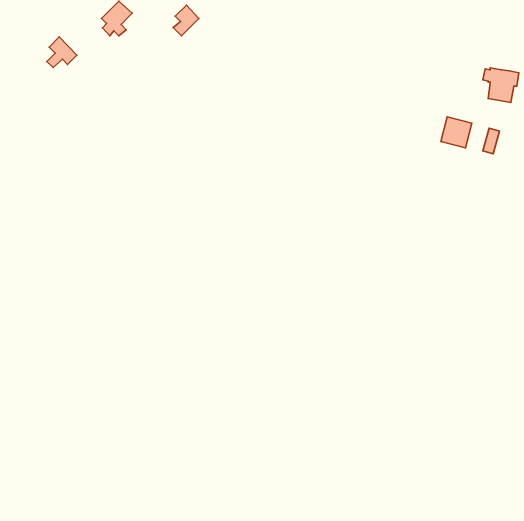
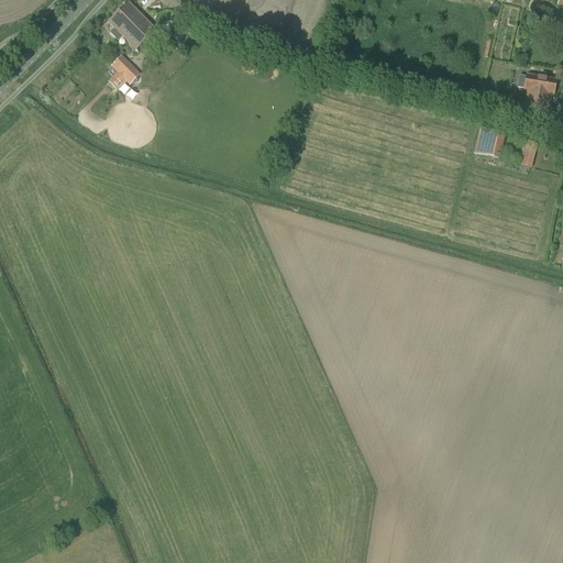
building: [173,5,199,36] -> [128,14,155,47]
building: [47,37,77,68] -> [108,53,140,86]

